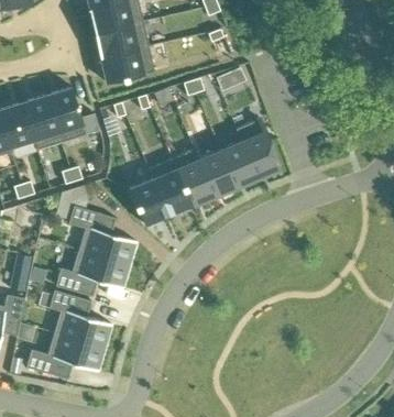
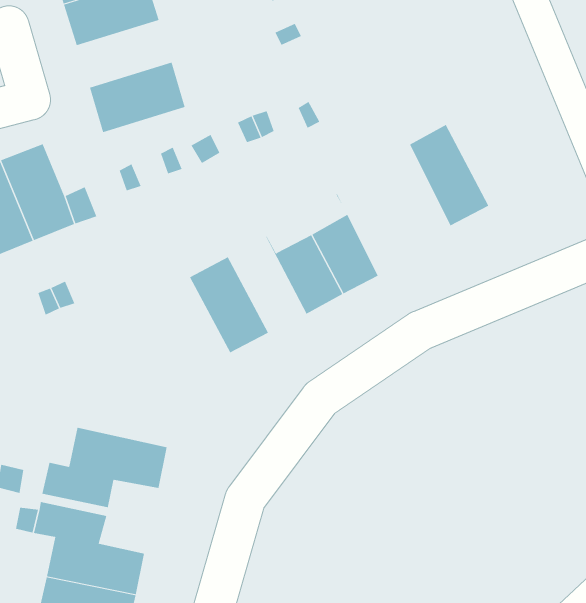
building: [95,22,149,57] -> none
building: [237,119,280,177] -> [409,124,489,226]
building: [172,150,214,205] -> none
building: [129,169,168,226] -> none
building: [68,206,135,265] -> none

